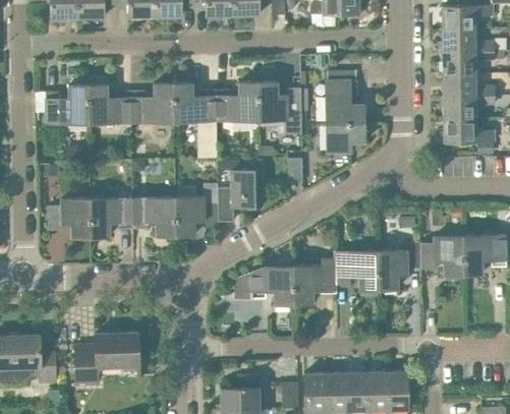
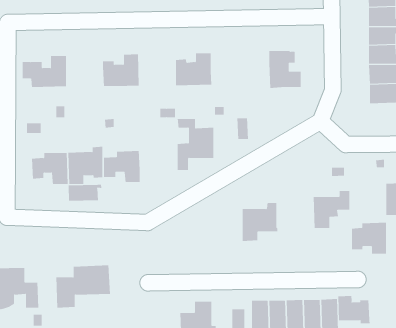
building: [259,83,302,134] -> none
building: [173,84,216,122] -> none
building: [89,85,131,123] -> none
building: [327,124,364,154] -> none
building: [174,198,219,236] -> none
building: [421,237,463,275] -> [351,222,387,254]
building: none -> [68,184,102,202]
building: [335,252,379,296] -> none
building: [236,267,294,305] -> none
building: none -> [338,295,370,324]

